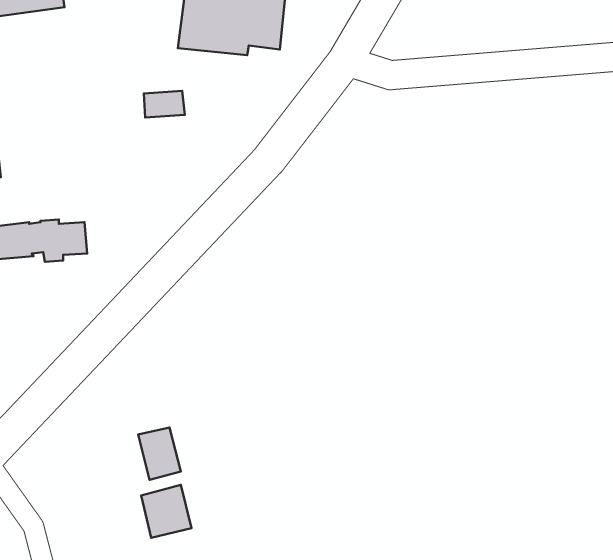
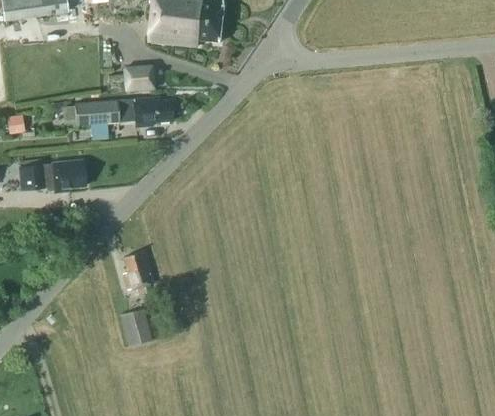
building: none -> [74,97,172,127]
building: none -> [123,251,152,295]
building: [141,485,192,538] -> none

